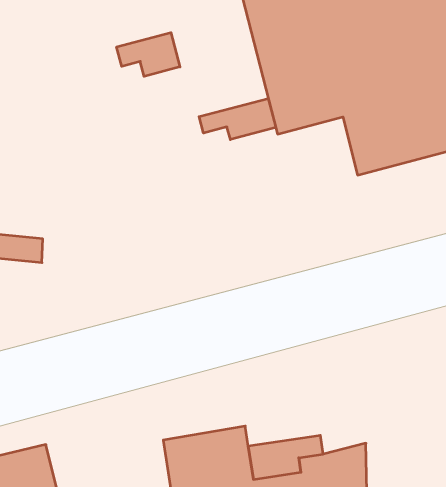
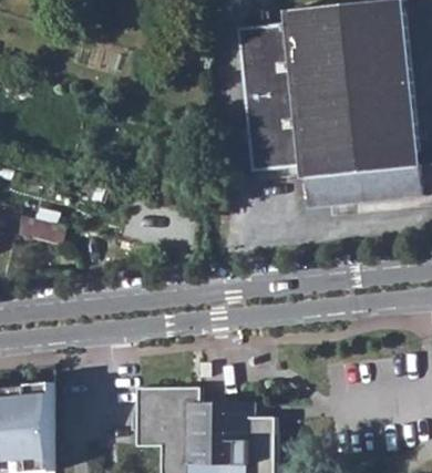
building: [117,33,180,76] -> none
building: [199,98,276,140] -> none

